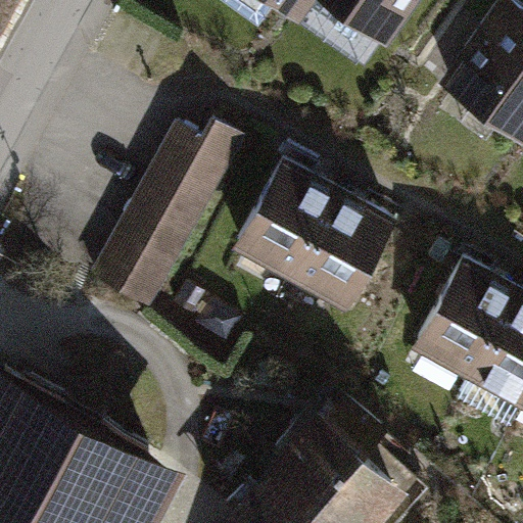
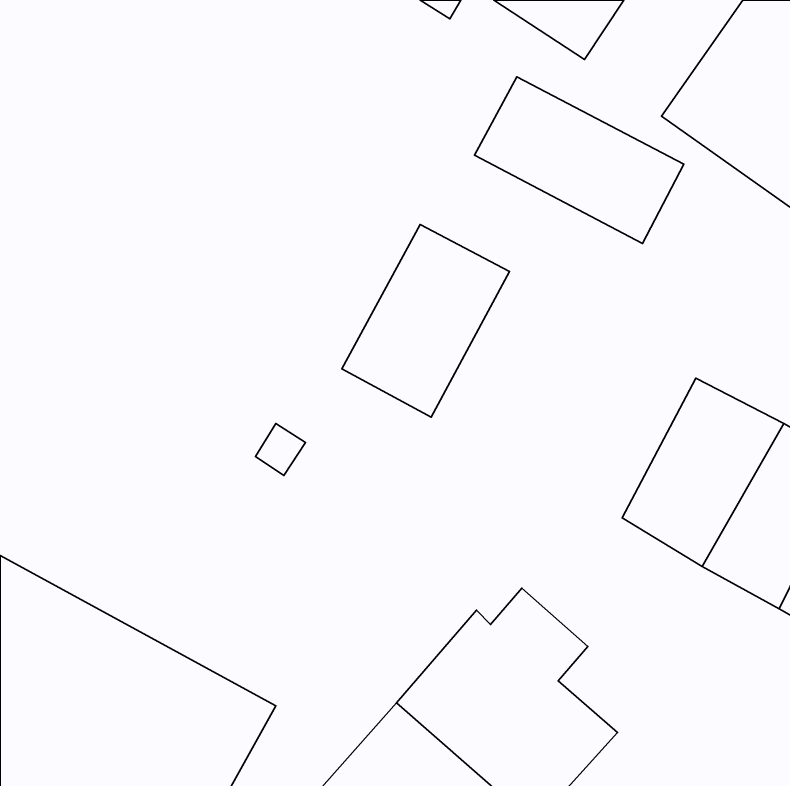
building: none -> [475,77,684,244]
building: [91,118,246,313] -> none
building: [288,187,395,313] -> none

